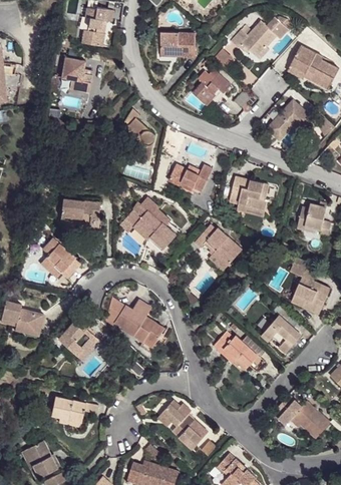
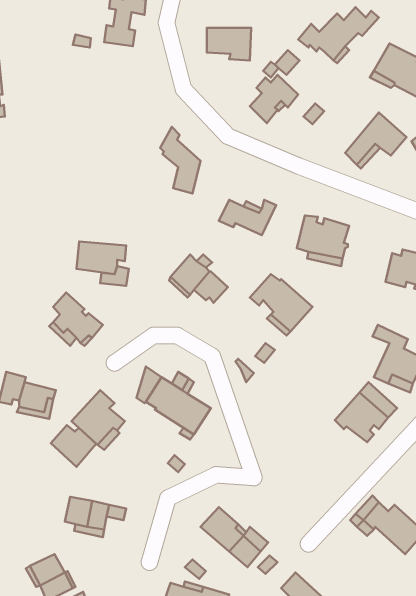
building: [62,60,92,94] -> none
building: [211,331,262,369] -> none
building: none -> [51,425,96,467]

